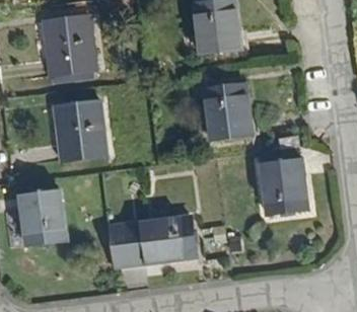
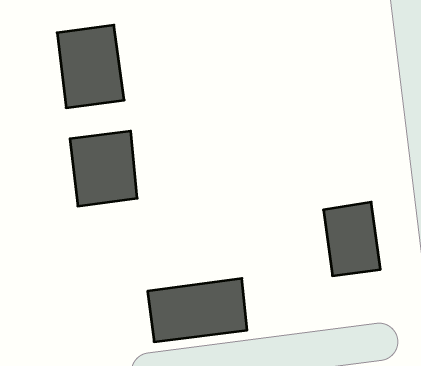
building: [193,8,239,66] -> none
building: [204,88,252,143] -> none
building: [10,177,57,231] -> none

